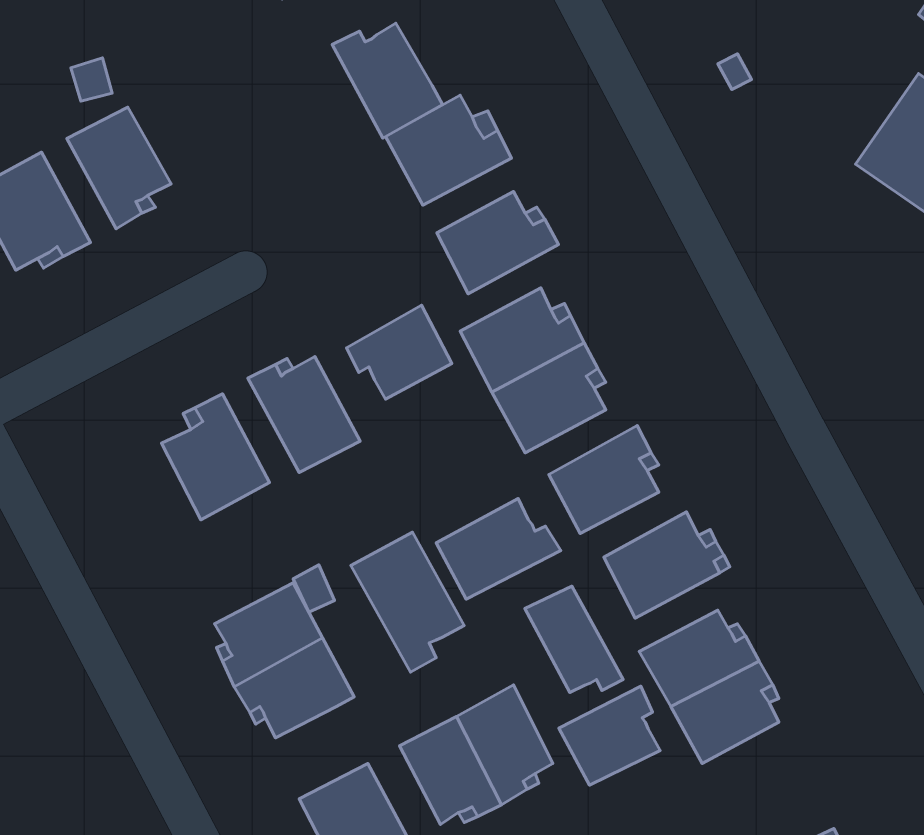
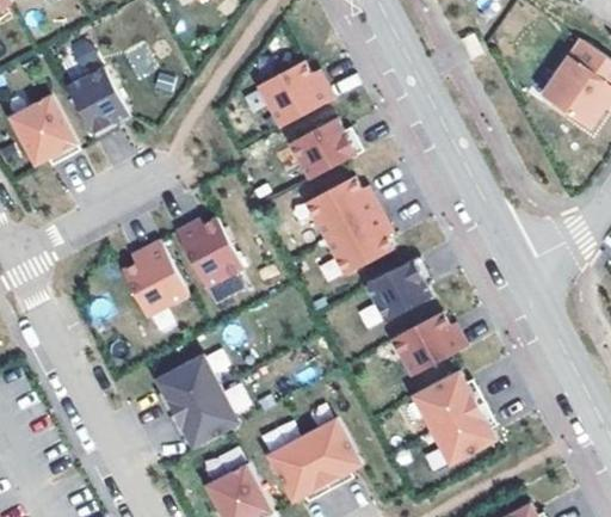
building: [332,23,442,138] -> none
building: [347,305,452,399] -> none
building: [436,498,561,599] -> none
building: [351,532,464,672] -> none
building: [525,586,623,692] -> none
building: [559,686,660,785] -> none

